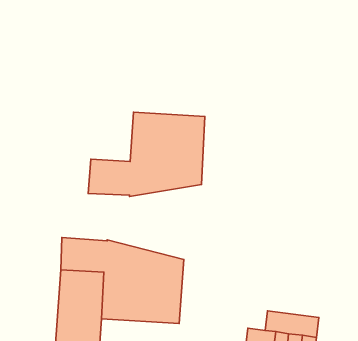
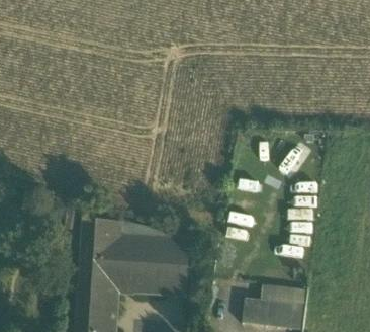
building: [88,112,205,196] -> none

